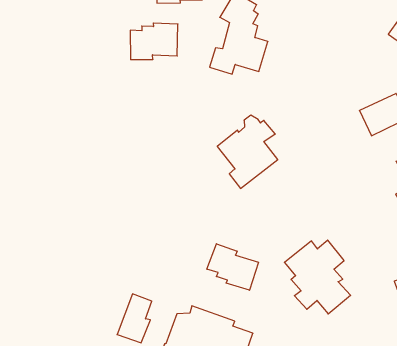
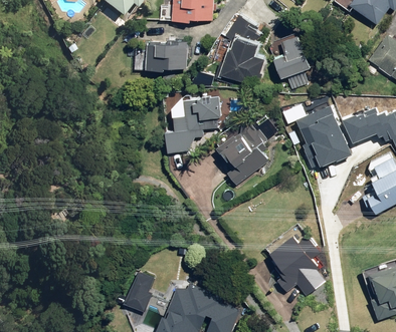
building: none -> [276,33,312,76]
building: none -> [166,94,222,152]
building: none -> [293,108,347,172]
building: [207,244,259,290] -> none

